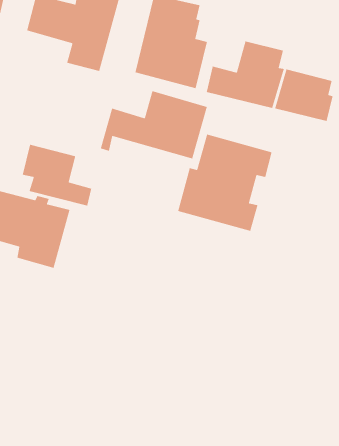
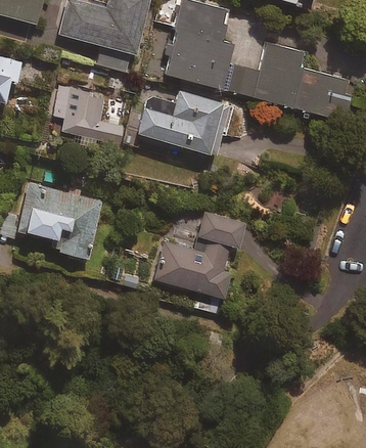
building: [177,134,272,232] -> [154,206,244,299]
building: [22,144,92,207] -> [55,86,122,145]

